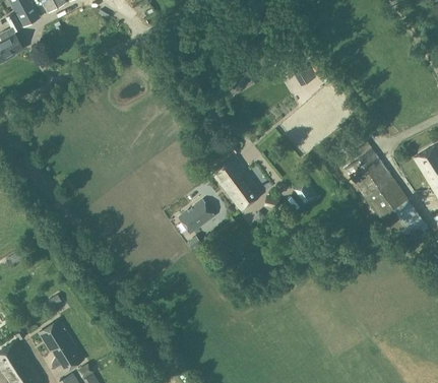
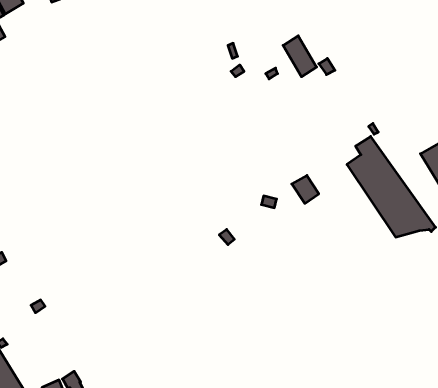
building: [211,155,261,210] -> none
building: [179,200,215,234] -> none
building: [37,319,84,374] -> none

